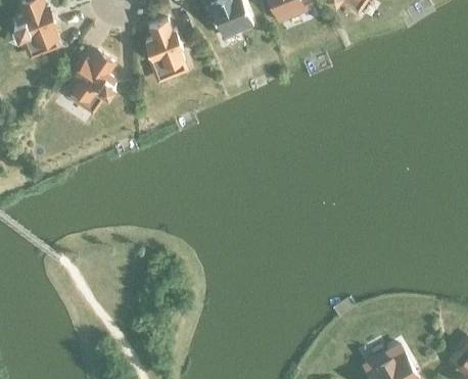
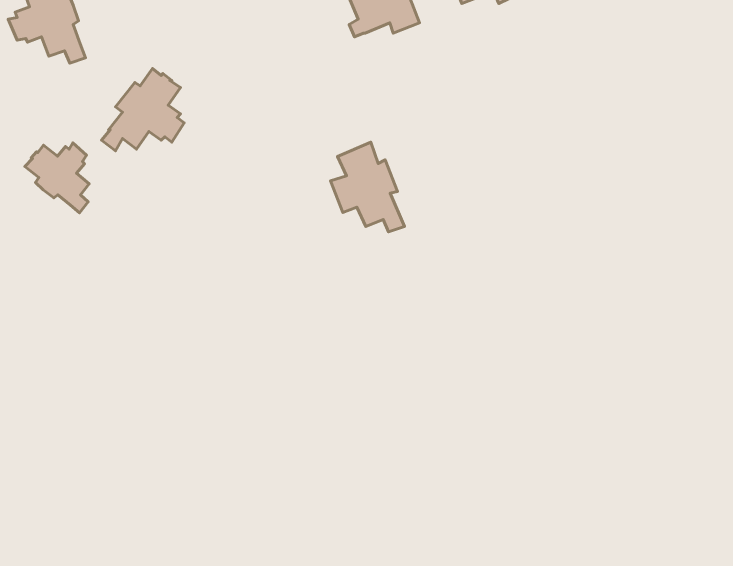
building: [142,19,185,72] -> [331,142,404,232]
building: none -> [25,143,89,213]

